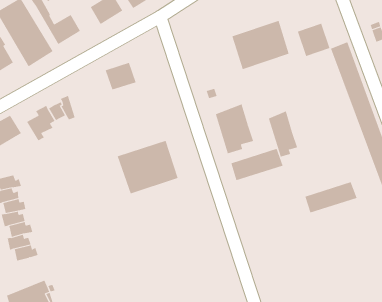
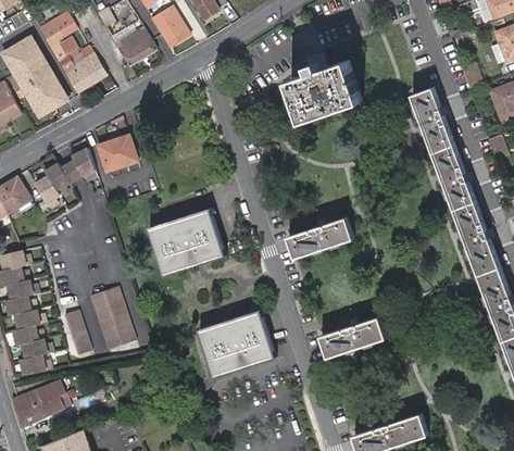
building: [297,23,330,57] -> none
building: [105,62,137,90] -> [97,137,136,172]
building: [215,103,254,154] -> none
building: [268,111,298,157] -> none
building: [305,181,357,213] -> [321,317,386,356]
building: none -> [90,286,135,349]
building: none -> [63,309,92,355]
building: none -> [199,310,275,376]
building: none -> [20,353,50,374]

